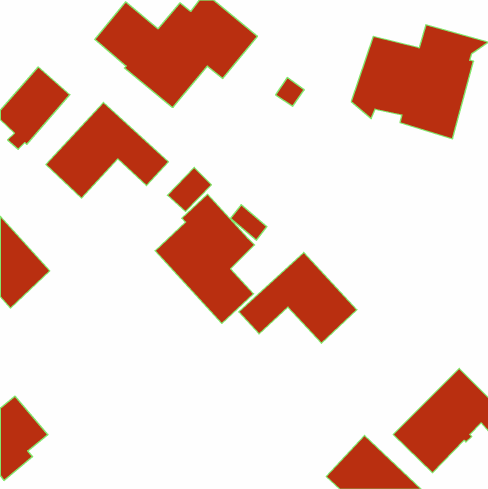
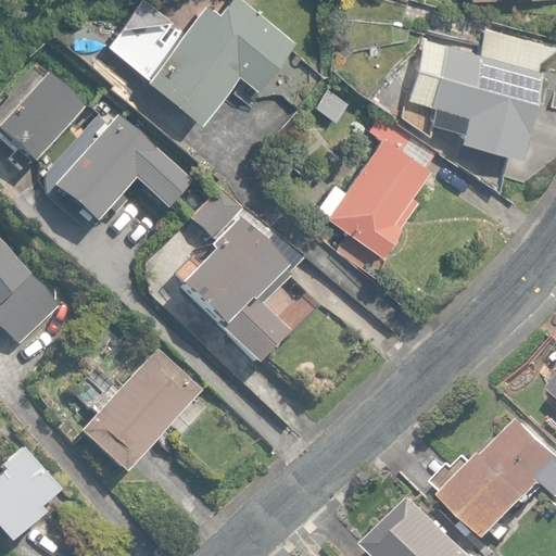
building: none -> [317,112,433,255]
building: [239,252,357,343] -> none
building: none -> [80,351,201,473]

